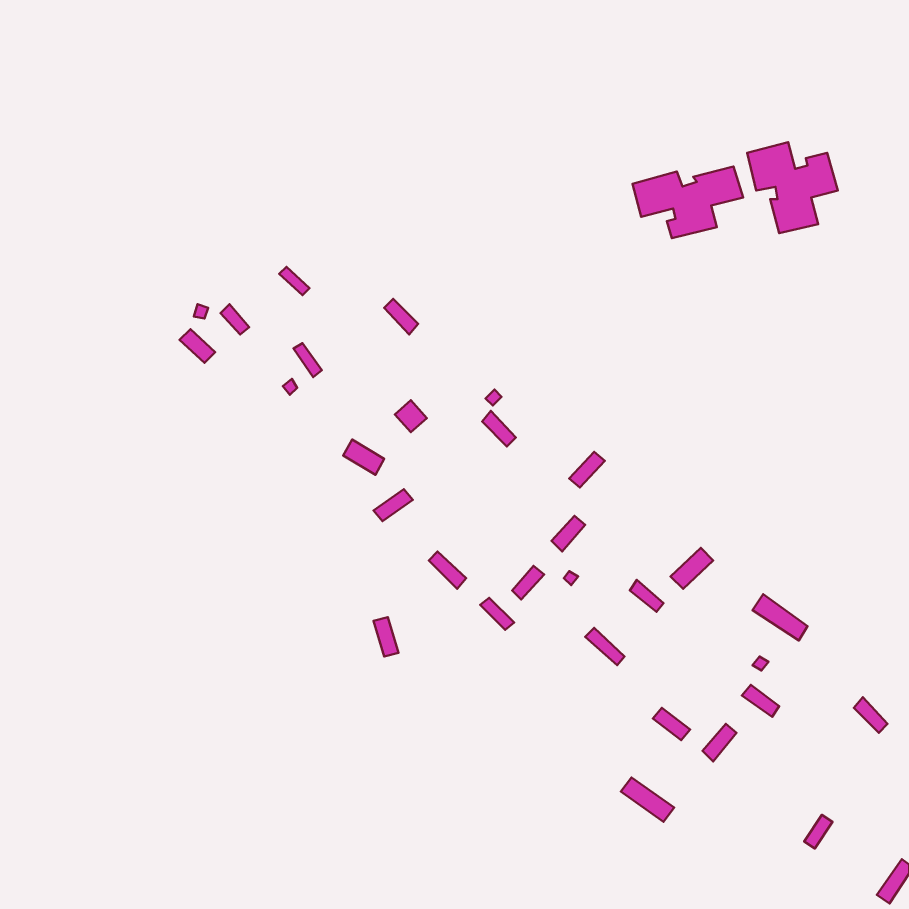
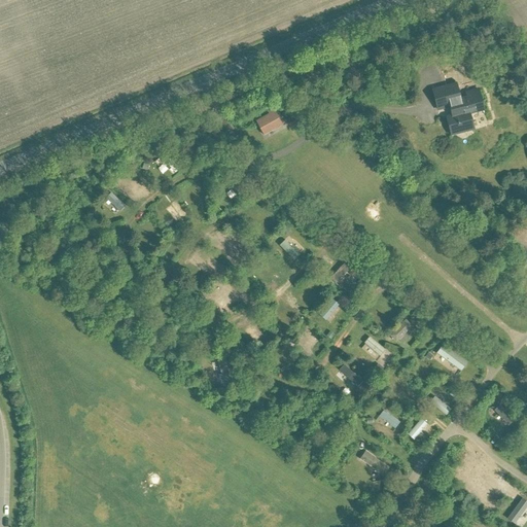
building: [633,166,743,238] -> none
building: none -> [256,108,285,135]

